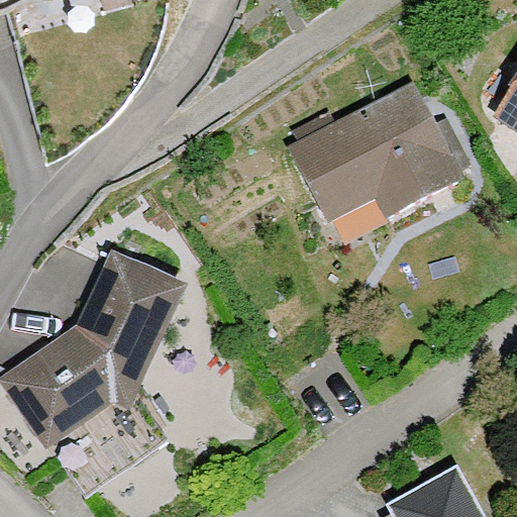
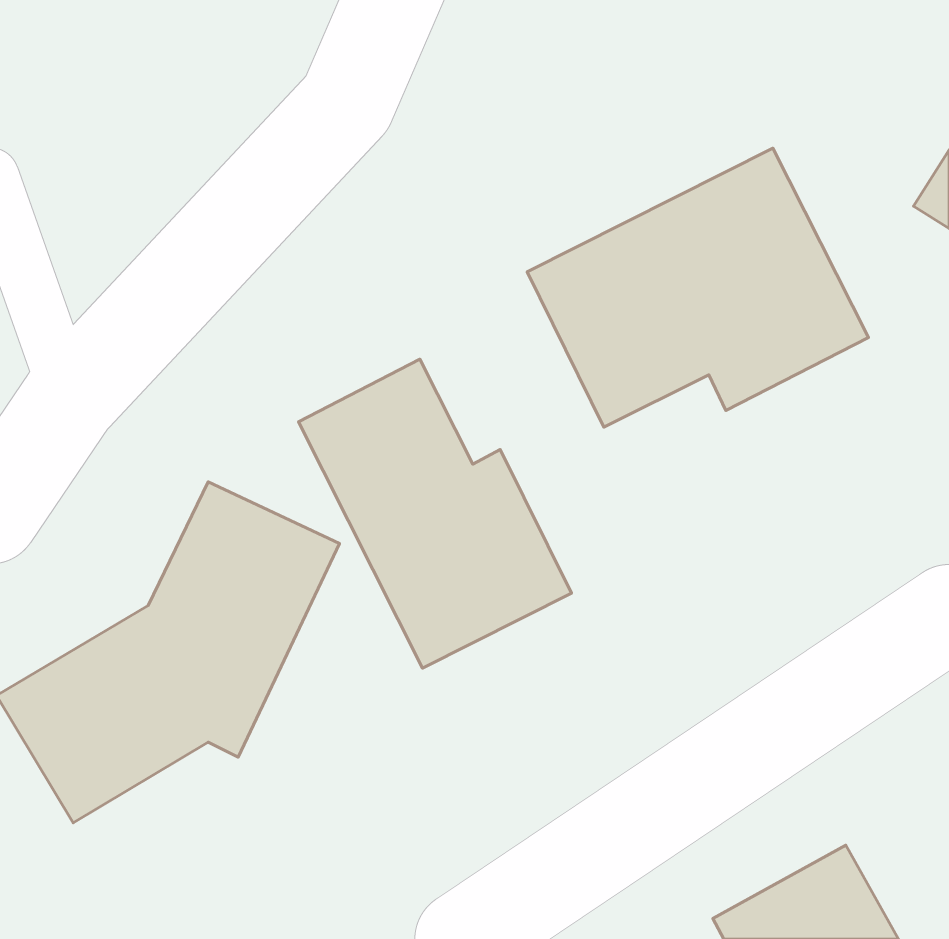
building: none -> [299,359,572,668]

